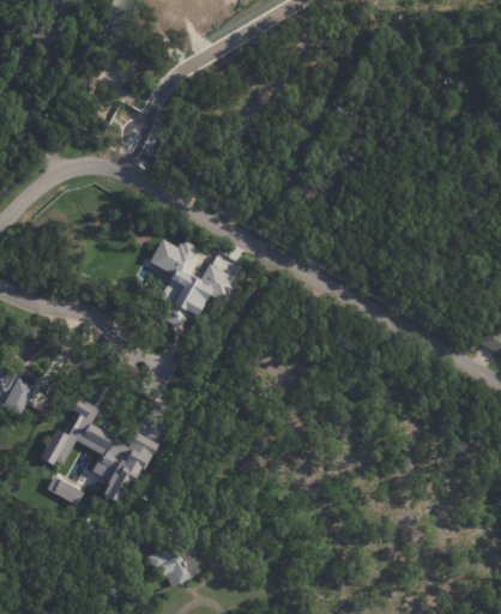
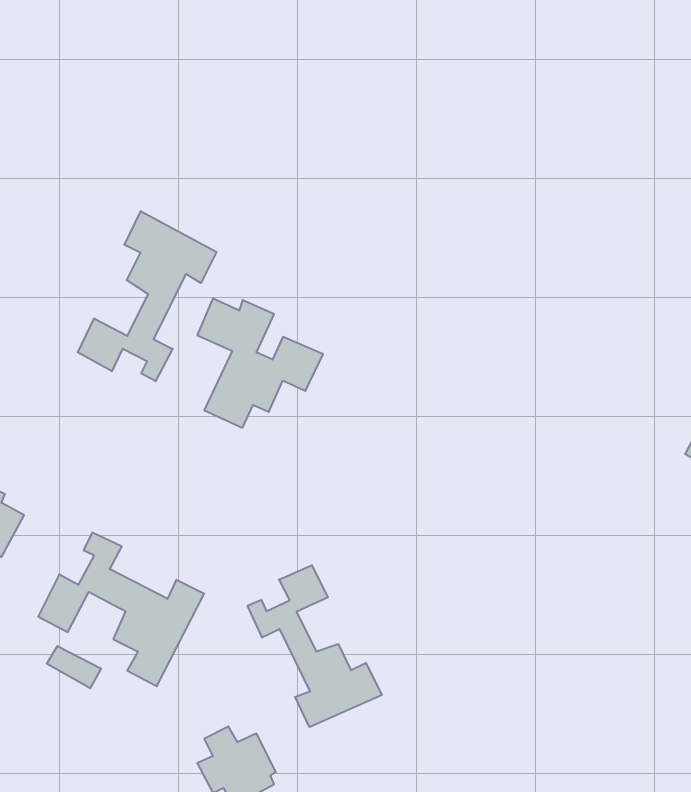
building: none -> [78,211,217,381]
building: none -> [248,565,382,727]

